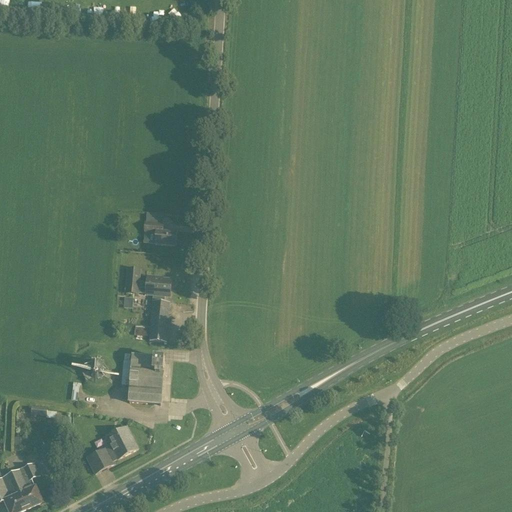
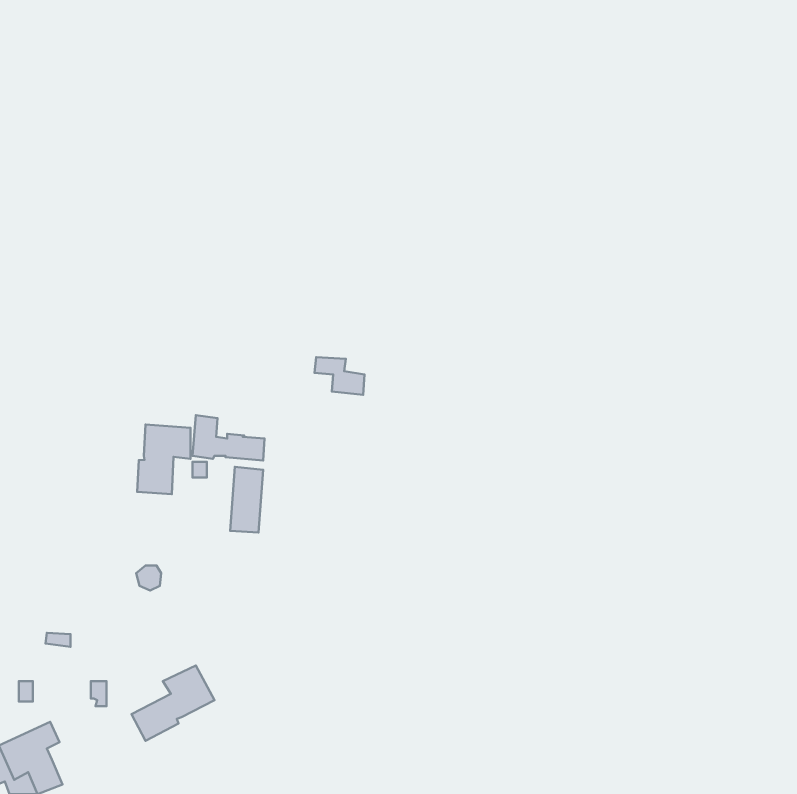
building: [142,220,174,244] -> [314,357,365,395]
building: none -> [137,424,191,494]
building: [127,354,162,403] -> none

